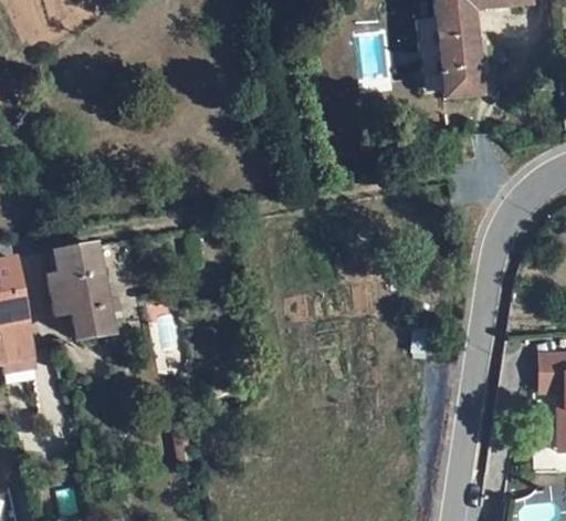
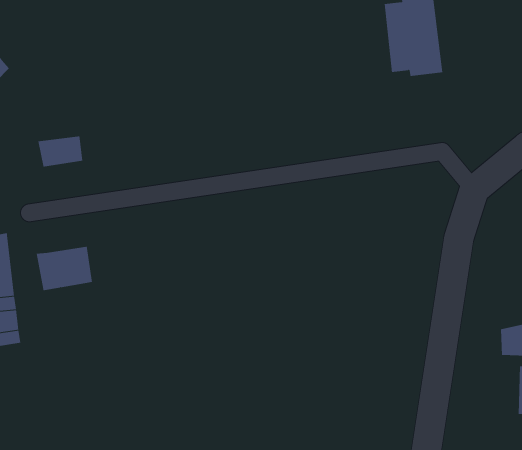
building: [54,241,103,274] -> [38,136,83,167]
building: [74,306,112,341] -> none

